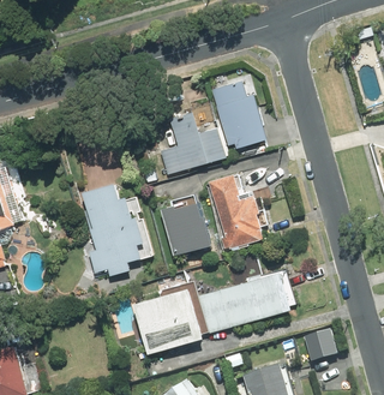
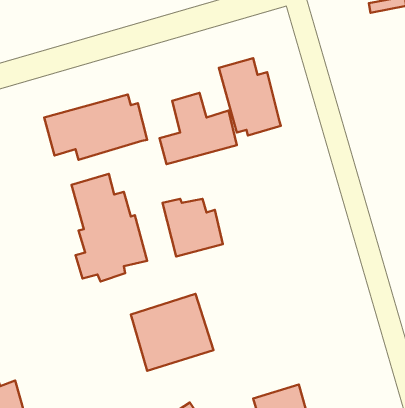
building: none -> [44,94,147,160]
building: [209,175,268,255] -> none
building: [199,275,287,330] -> none
building: [300,330,335,364] -> none

